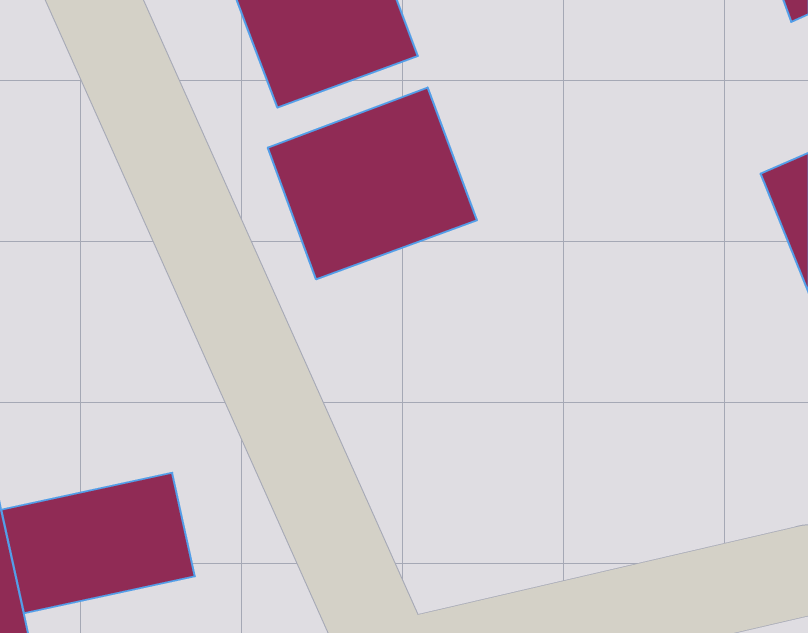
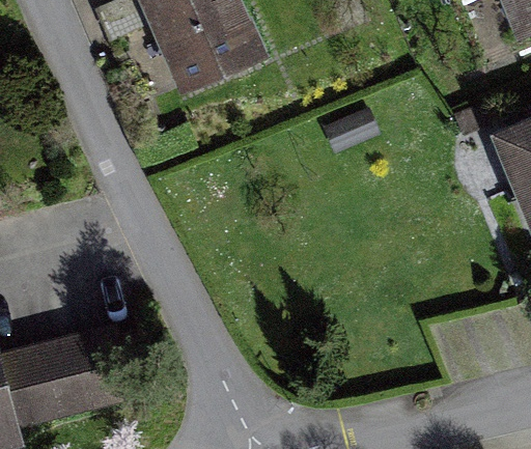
building: [268,87,477,279] -> none

